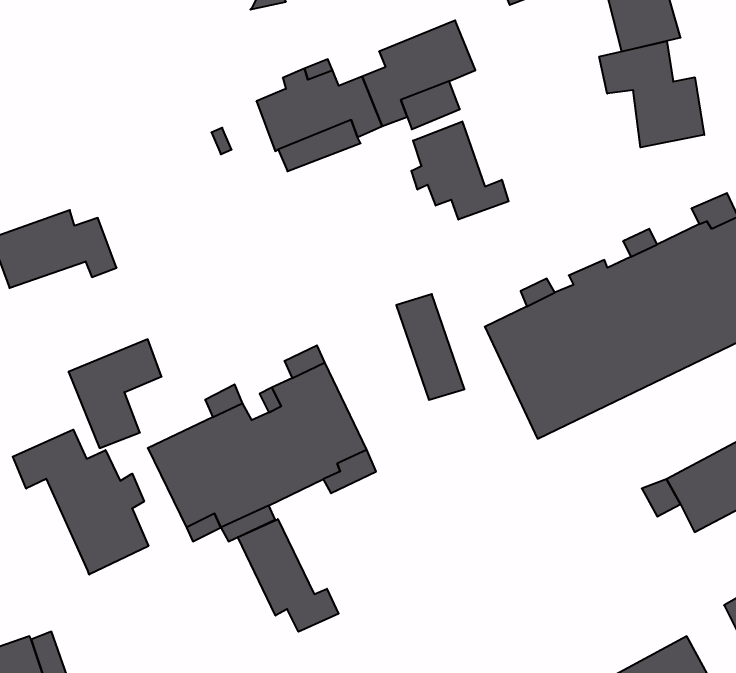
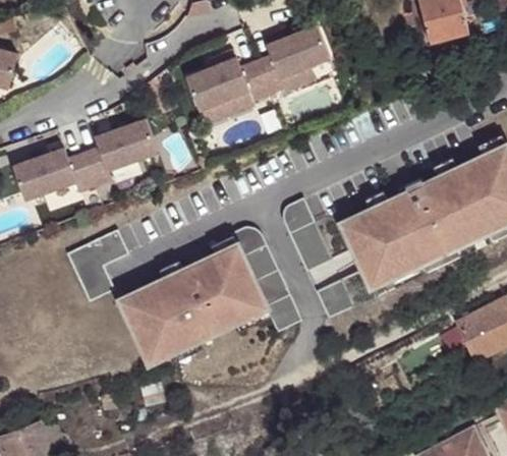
building: [599,41,704,147] -> none
building: [411,121,509,220] -> none
building: none -> [86,117,161,184]
building: [13,430,148,575] -> none
building: [238,519,339,632] -> none

